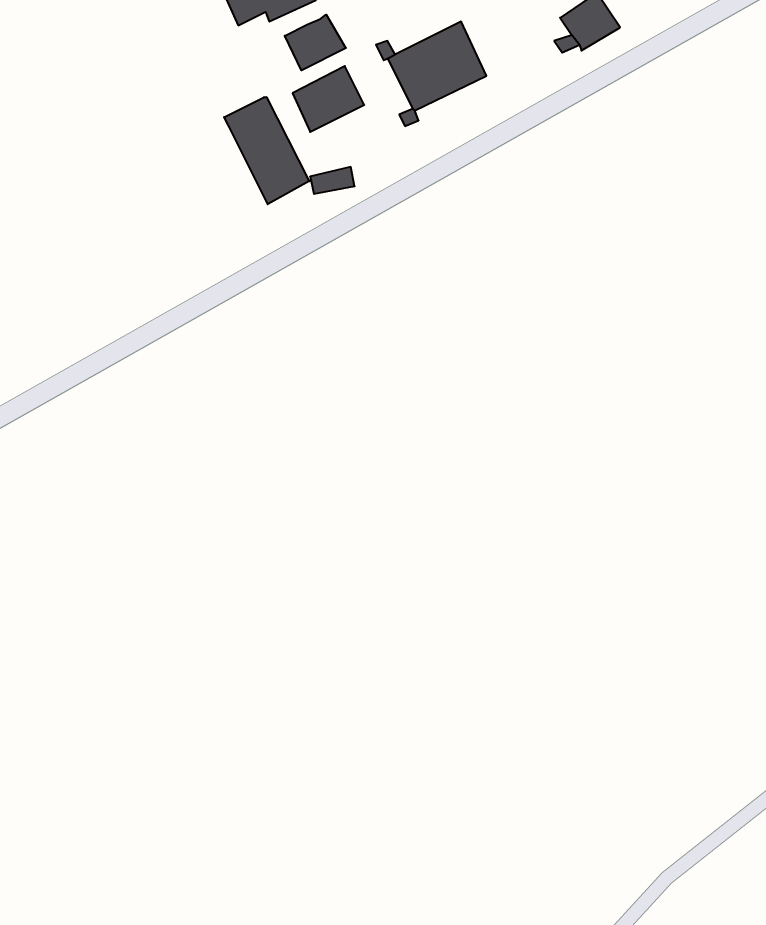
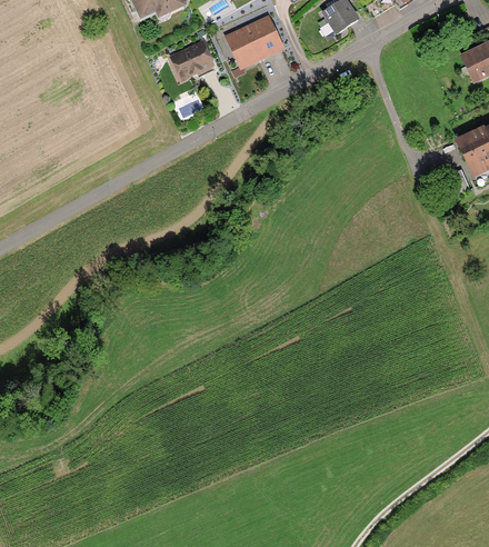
building: [285,15,346,70] -> none
building: [224,97,309,204] -> none

